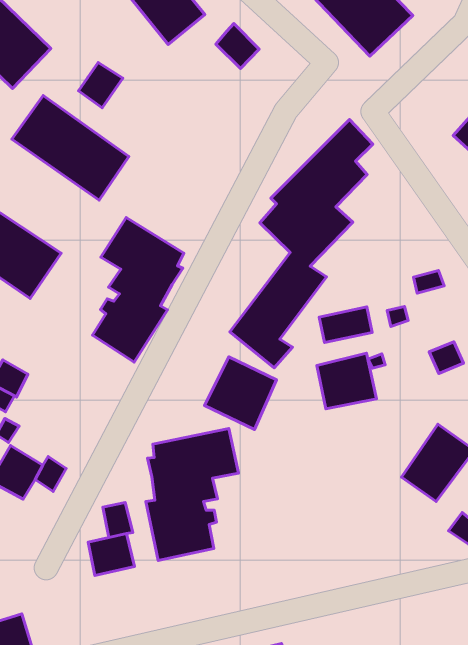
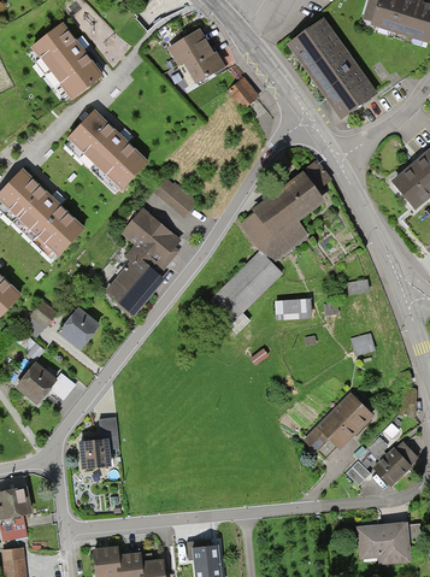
building: [78,62,123,108] -> none
building: none -> [151,176,198,217]
building: [317,353,376,409] -> none
building: [204,357,276,430] -> none
building: none -> [53,306,95,349]
building: [146,428,239,561] -> none

